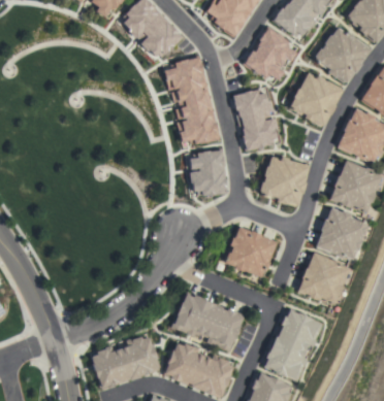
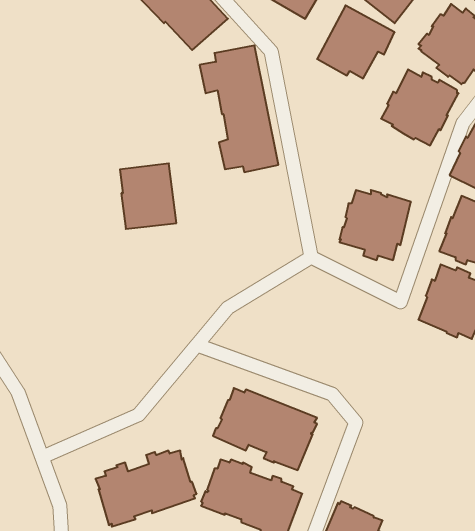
building: [233,88,279,151] -> none
building: [188,151,227,196] -> [120,163,176,229]
building: [225,227,278,277] -> none
building: [298,253,348,305] -> none
building: [263,310,323,380] -> none

